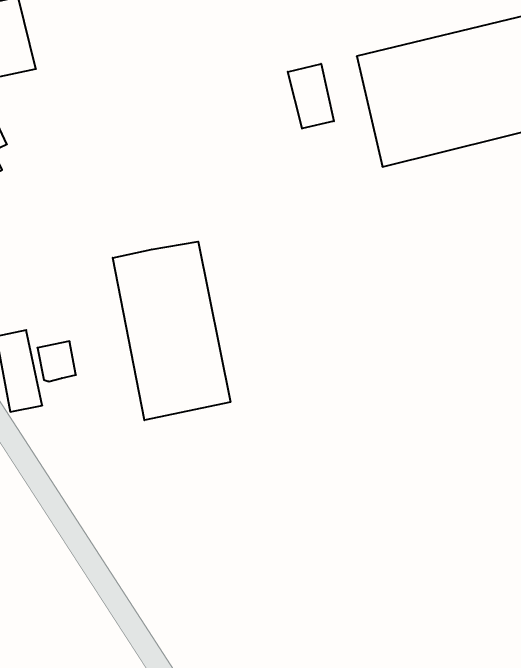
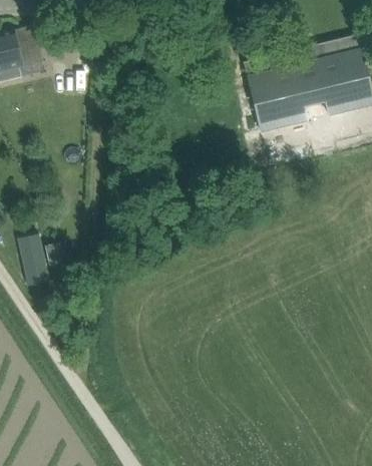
building: [288,64,334,129] -> none
building: [113,242,230,420] -> none

